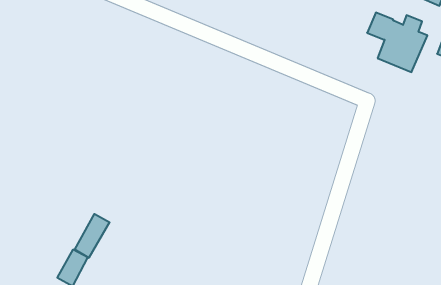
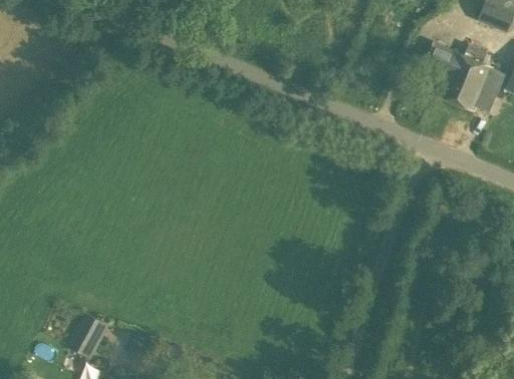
building: [75,214,110,258] -> none

